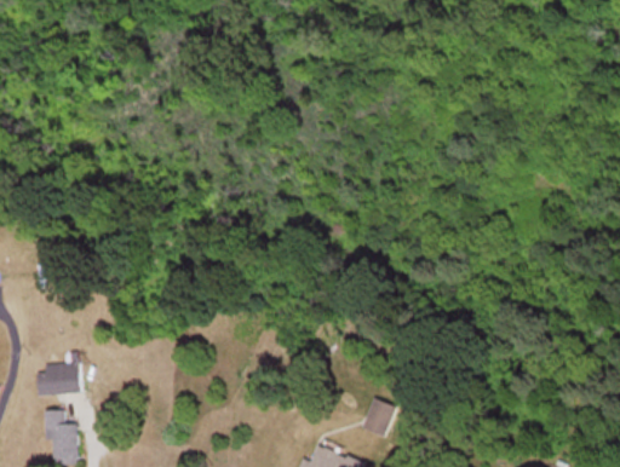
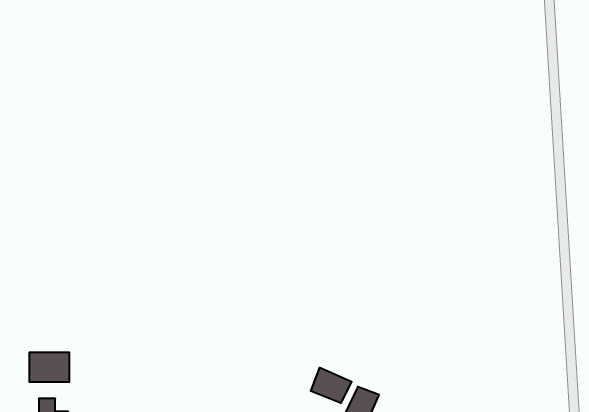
building: none -> [311,368,352,403]

